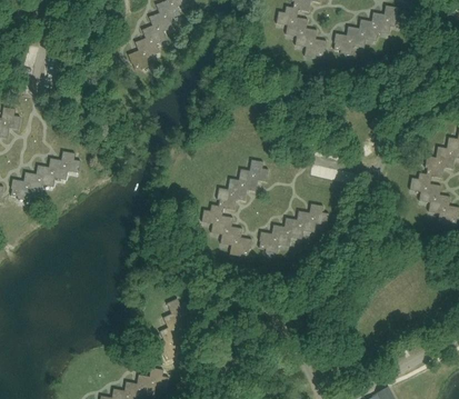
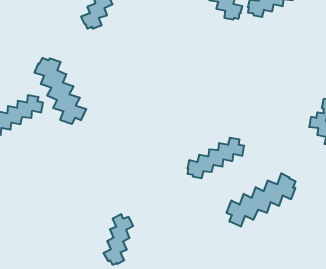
building: none -> [35,58,86,124]
building: [201,160,269,257] -> none
building: none -> [227,173,295,227]

